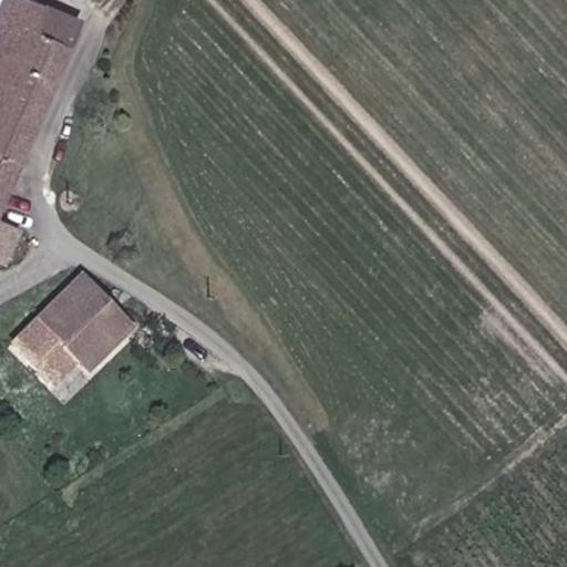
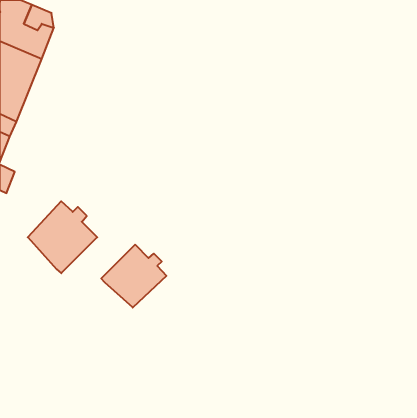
building: [14,321,76,385] -> none
building: none -> [101,245,166,308]

